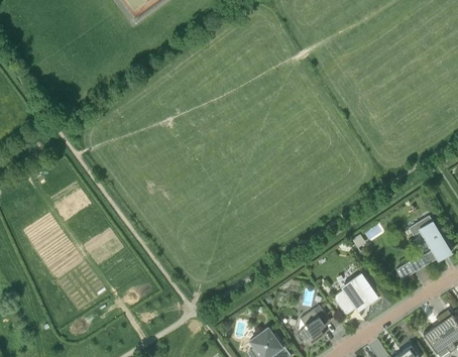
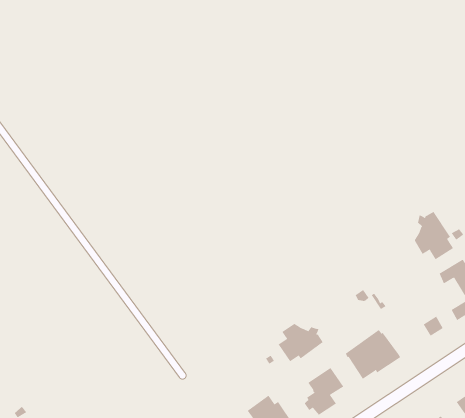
building: none -> [414,209,454,260]
building: none -> [278,323,325,362]

